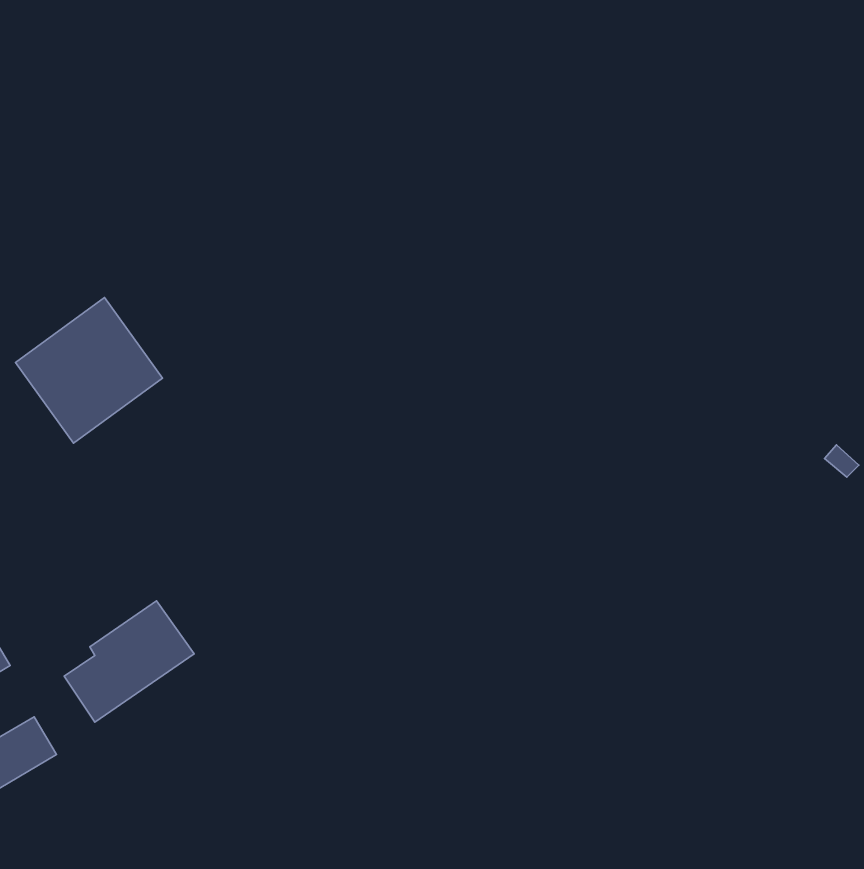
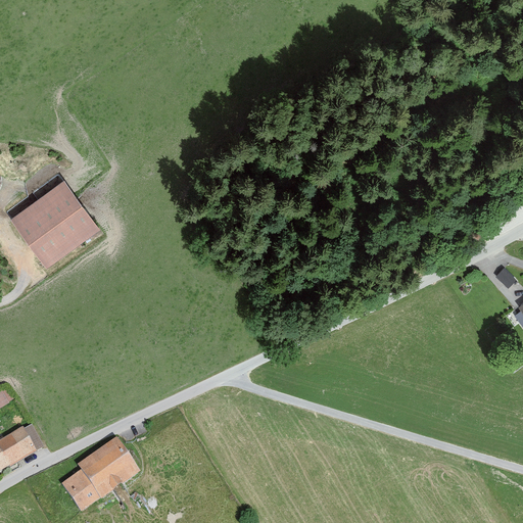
building: [64,601,194,722] -> [61,438,139,511]

